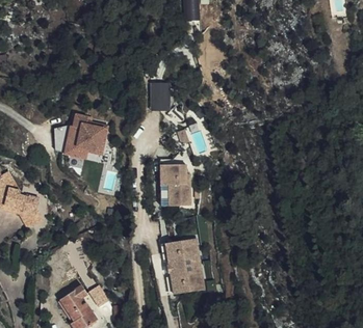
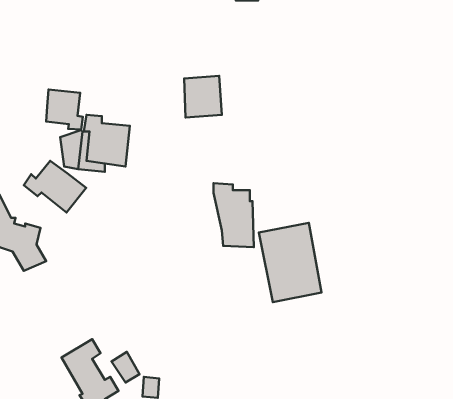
building: none -> [46,89,83,129]
building: none -> [24,161,86,213]
building: [159,237,206,296] -> [259,223,321,302]

